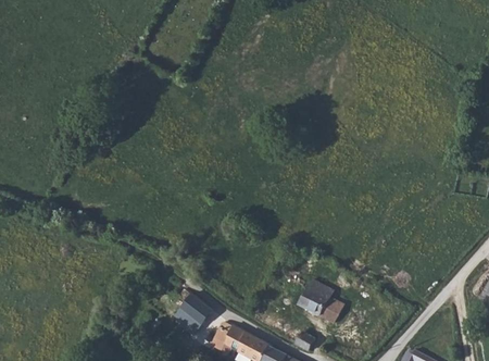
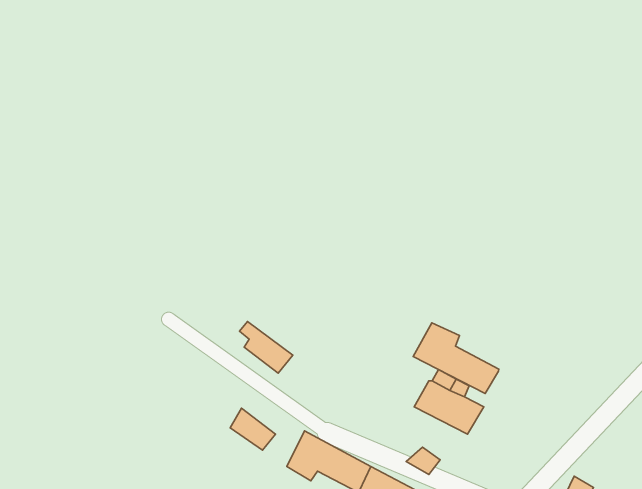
building: none -> [413,323,499,394]
building: [178,288,214,323] -> [239,321,293,373]

